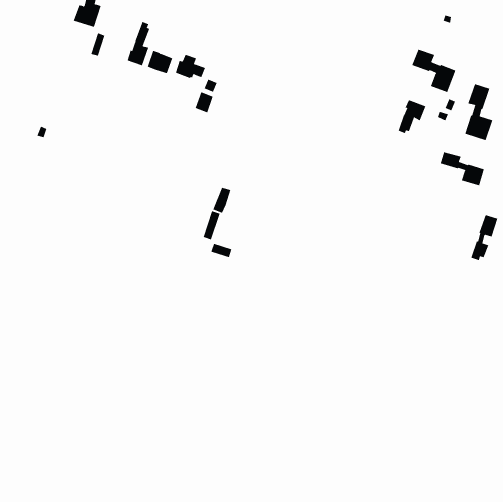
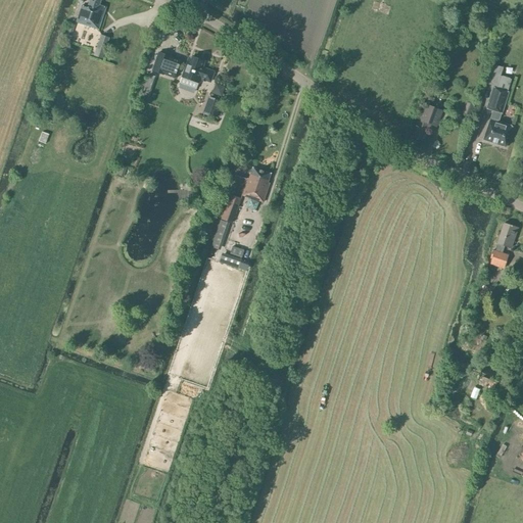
building: [127,21,150,66] -> none
building: [412,49,456,93] -> none
building: [440,151,485,186] -> none
building: none -> [241,167,270,201]

